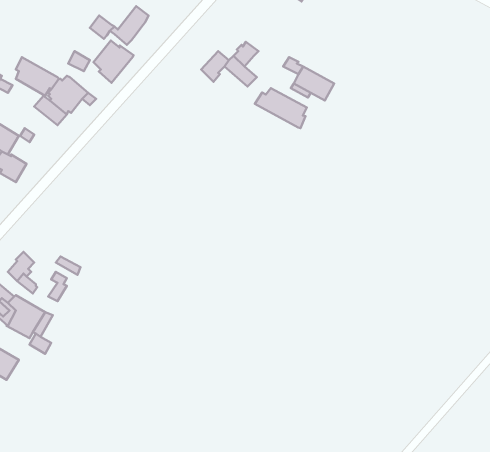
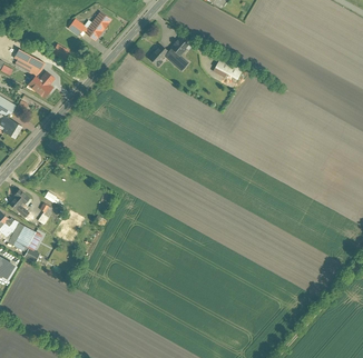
building: [93,40,133,83] -> none
building: [255,88,307,128] -> none

